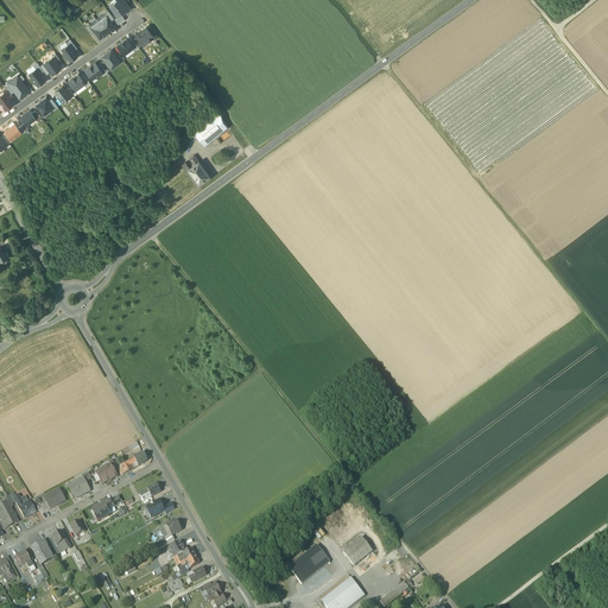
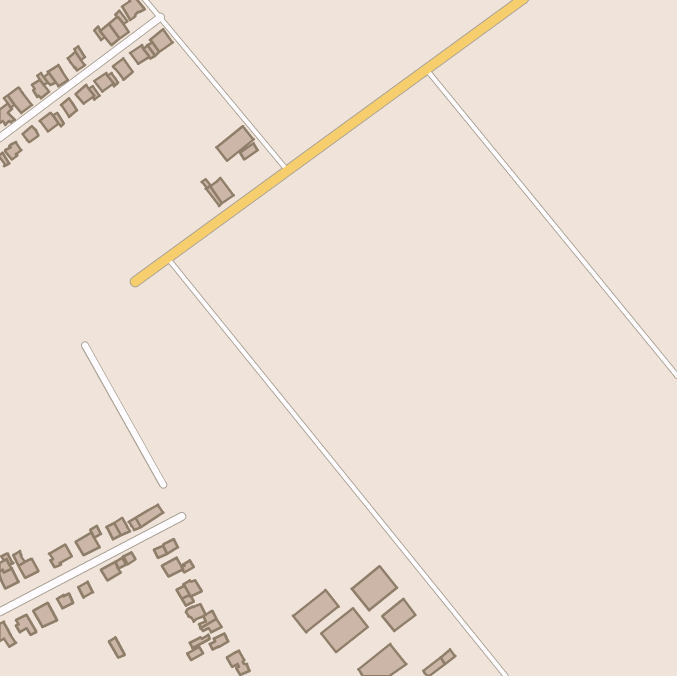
building: none -> [352,566,397,610]
building: none -> [293,590,339,632]

